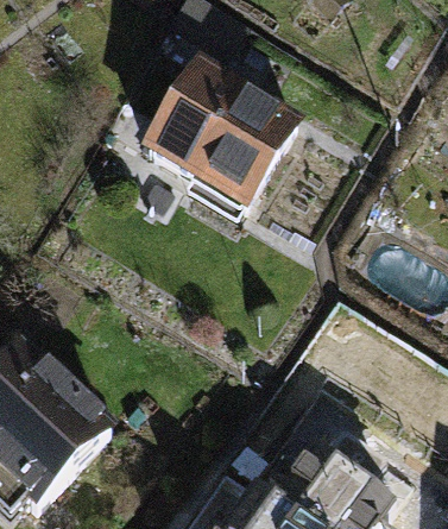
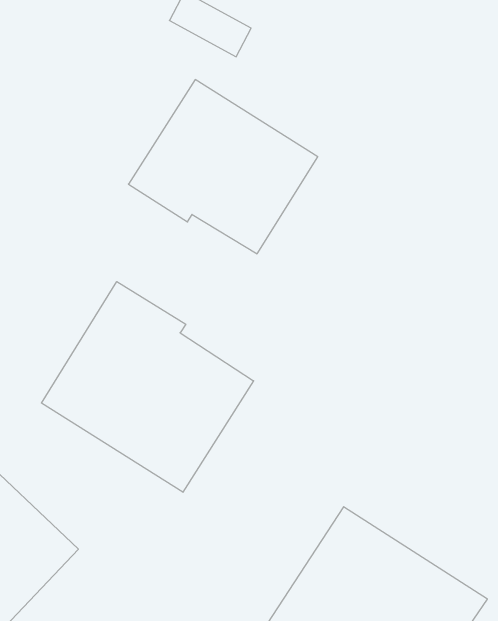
building: none -> [41,282,254,492]

